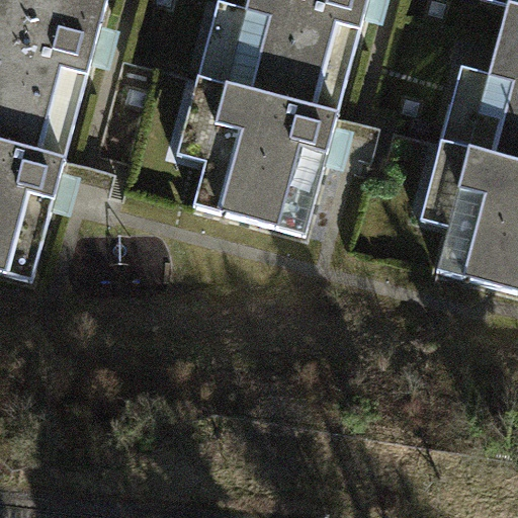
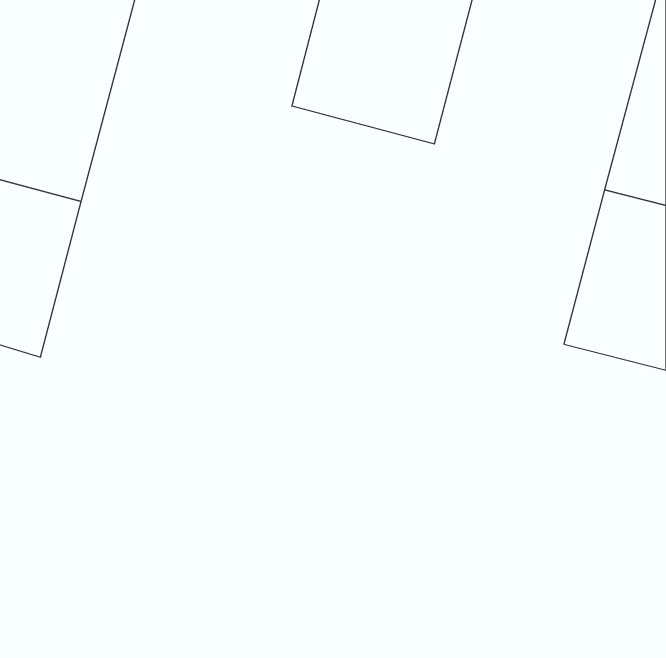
building: [193,82,336,231] -> none

